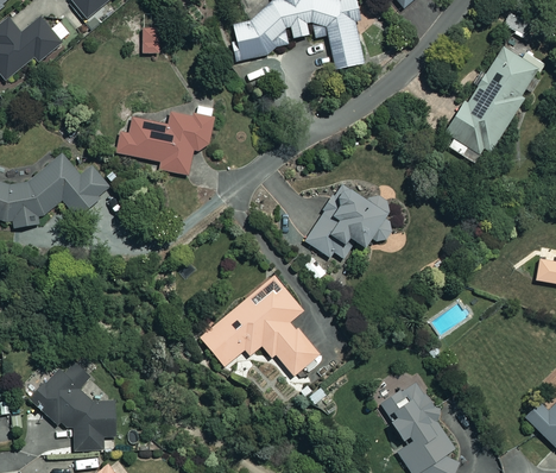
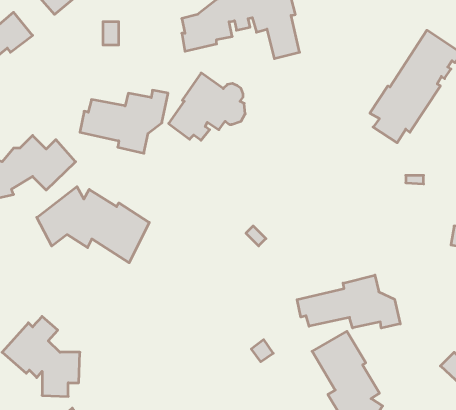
building: [305,182,392,258] -> [169,73,245,140]
building: none -> [37,187,149,263]
building: [201,276,324,374] -> none
building: none -> [297,275,400,328]

